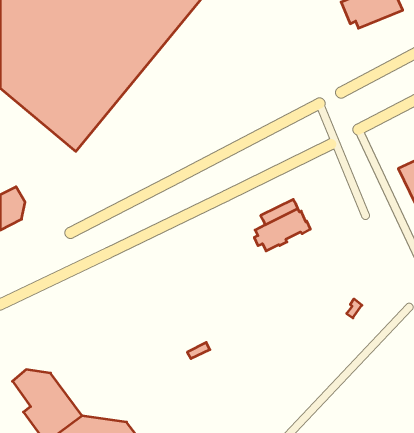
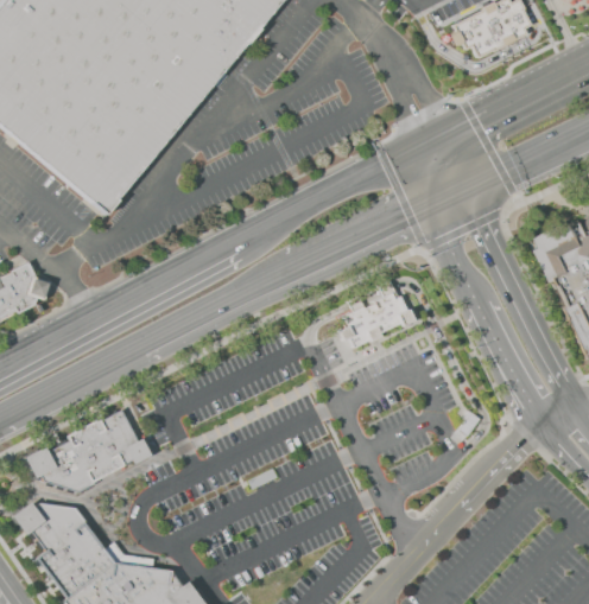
building: none -> [33,411,146,491]

